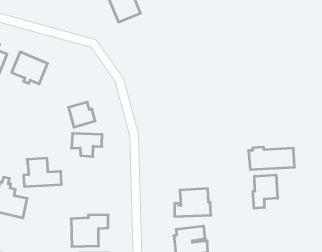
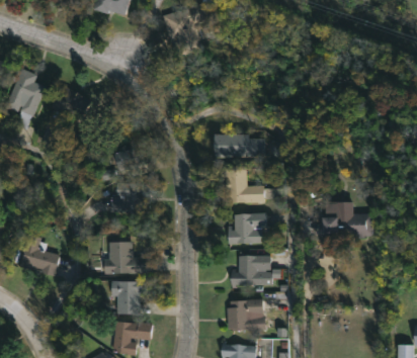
building: none -> [213,135,264,157]
building: none -> [225,169,263,203]
building: none -> [226,213,265,245]
building: [24,158,62,186] -> [103,243,147,274]
building: [253,175,278,208] -> none

